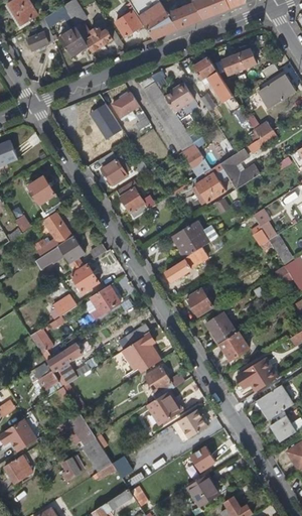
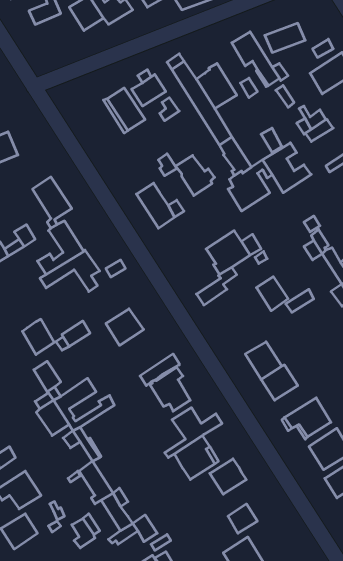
building: [97,151,129,184] -> [175,155,215,196]
building: [72,264,99,293] -> [22,319,54,355]
building: [188,286,214,314] -> [256,277,288,311]

